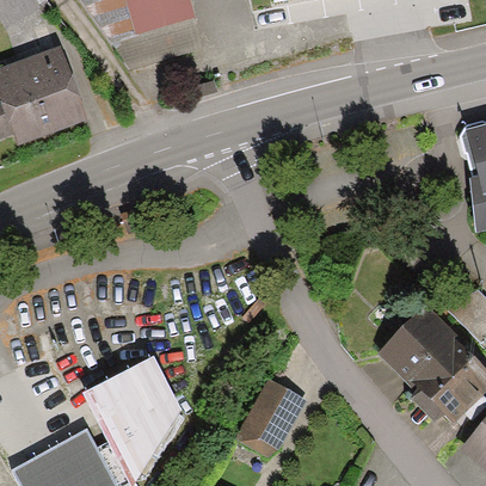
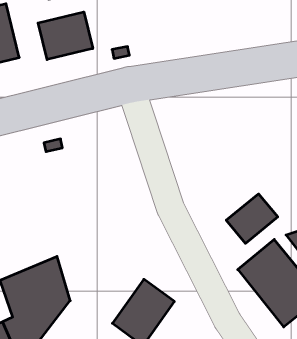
building: none -> [38,12,93,60]
building: none -> [226,194,278,243]

